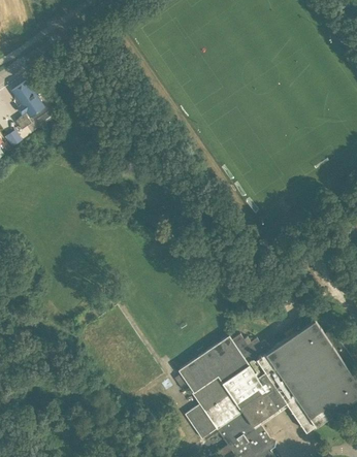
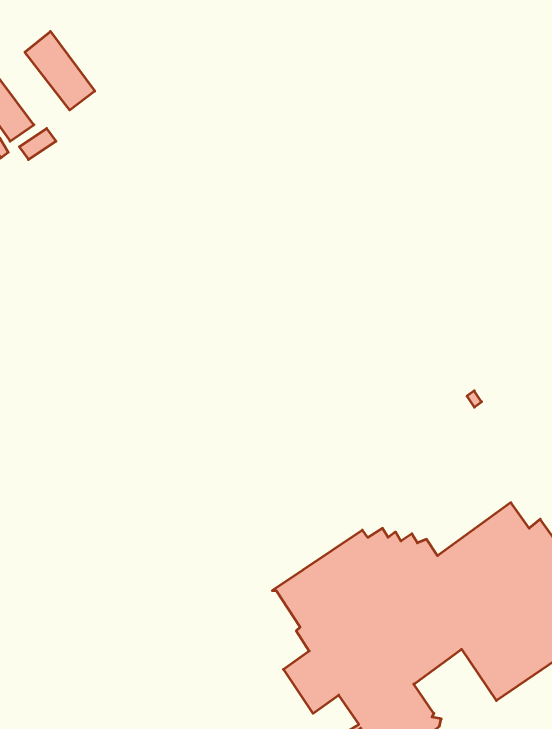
building: none -> [25,31,95,110]

